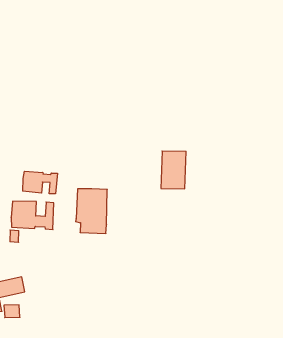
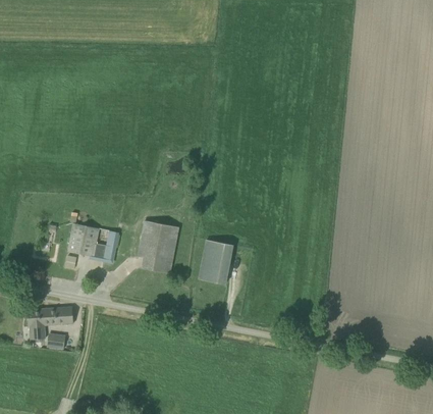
building: [161,151,186,189] -> [200,240,232,283]
building: [23,171,57,194] -> none

